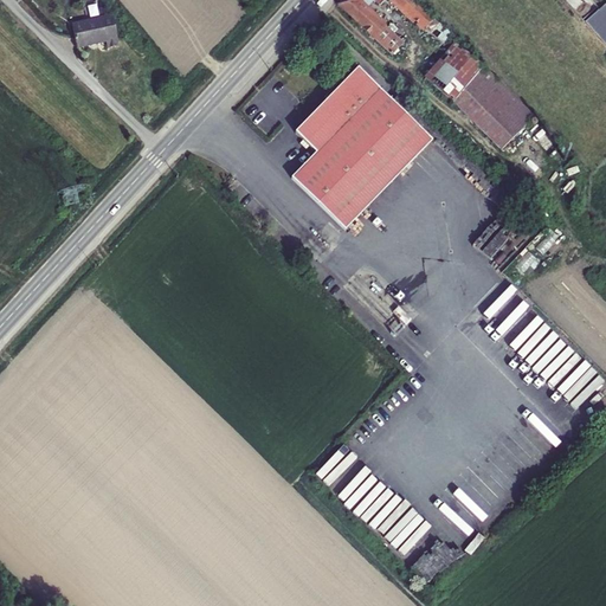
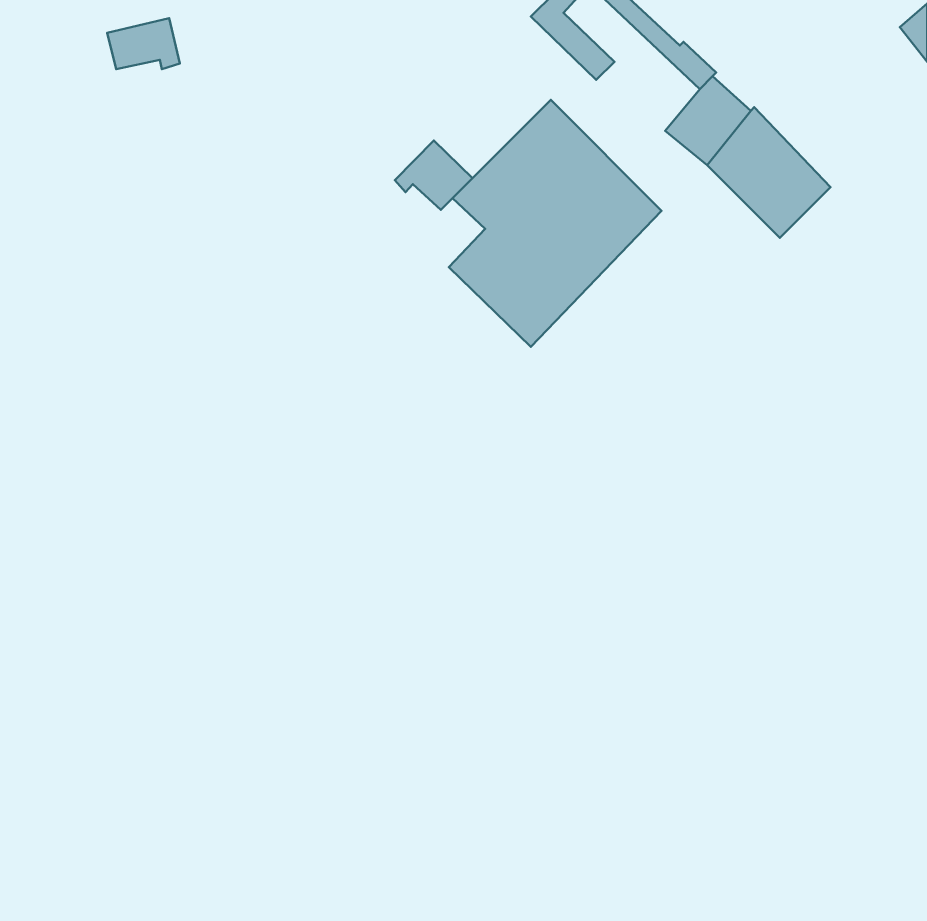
building: none -> [395,140,472,210]

